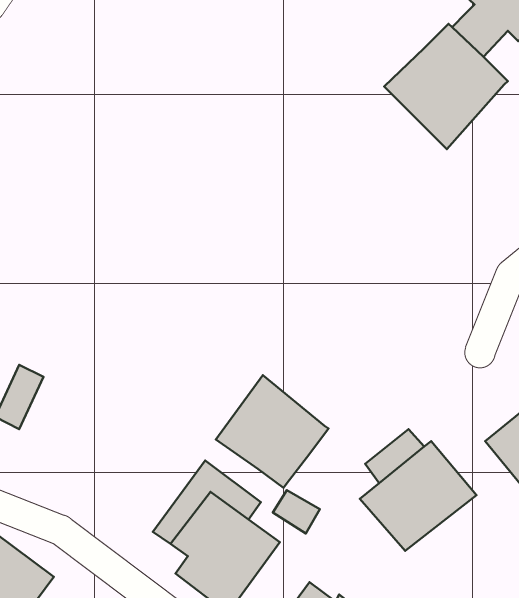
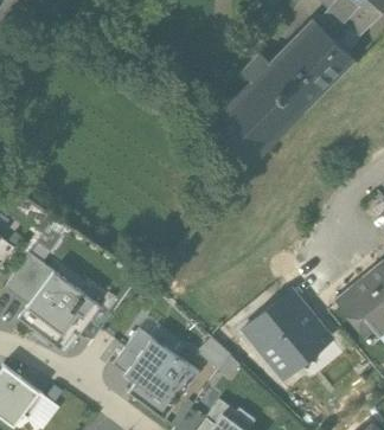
building: none -> [206,52,312,167]
building: [216,375,328,488] -> none
building: none -> [17,271,100,351]

